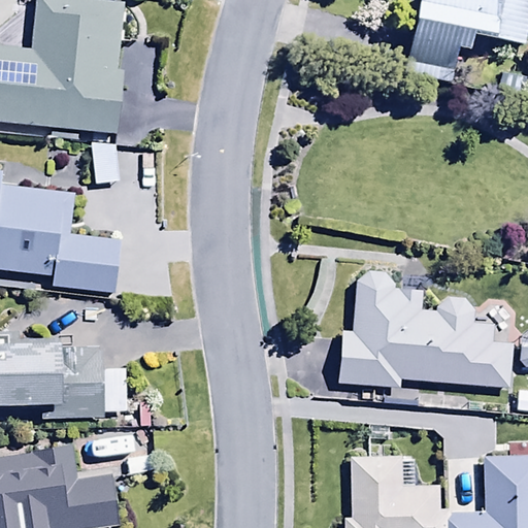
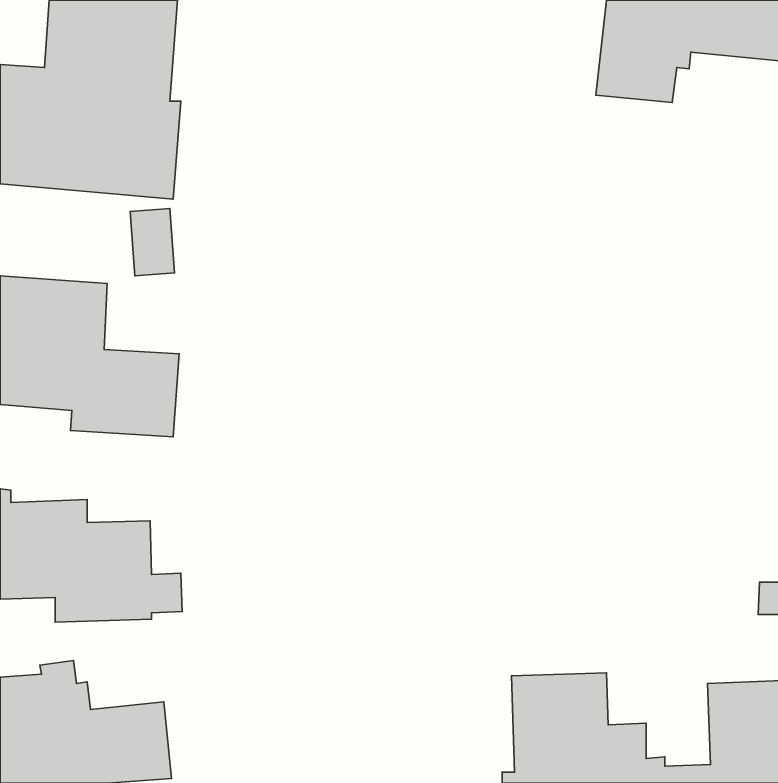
building: [333,272,513,396] -> none

